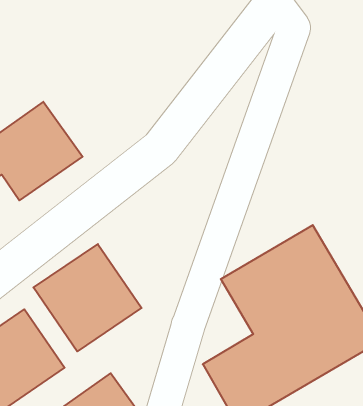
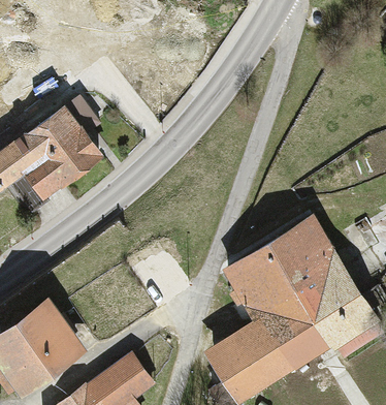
building: [33,244,142,351] -> none

